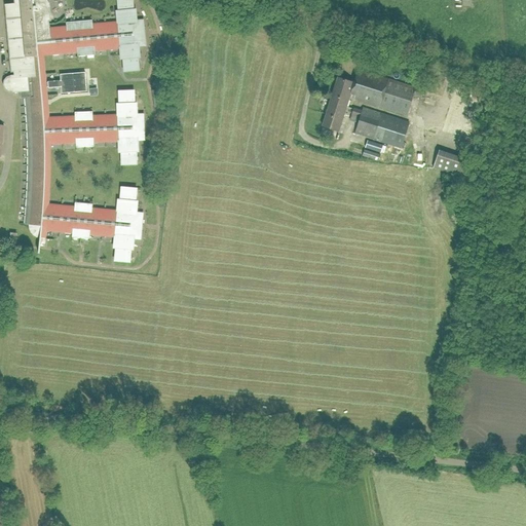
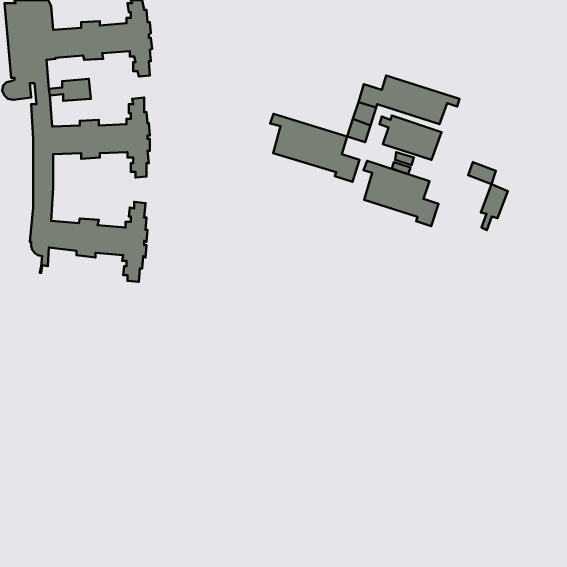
building: none -> [270,114,360,182]
building: none -> [364,161,438,226]
building: none -> [481,184,508,230]

